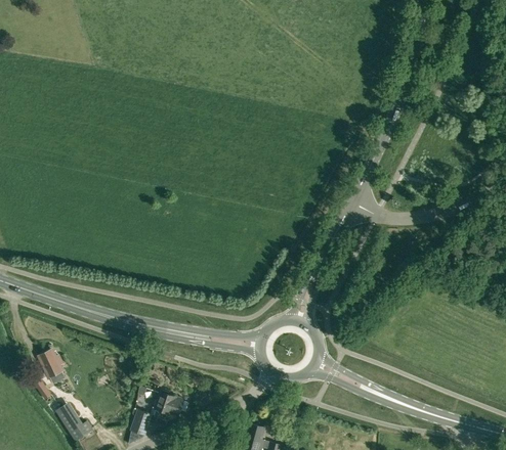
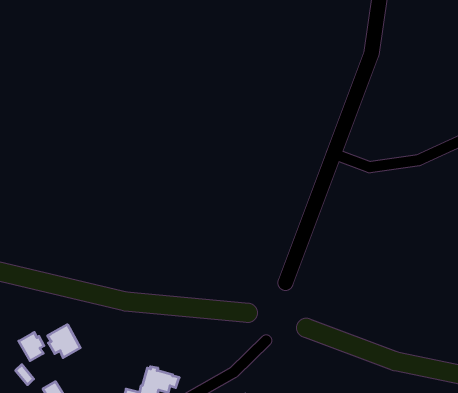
building: none -> [48,325,80,358]

